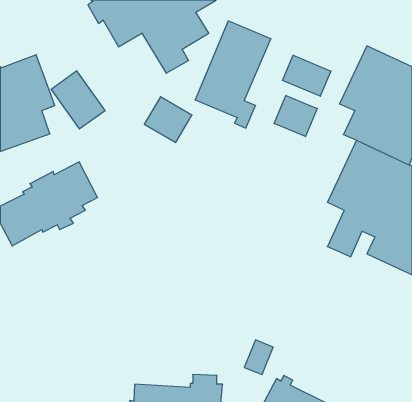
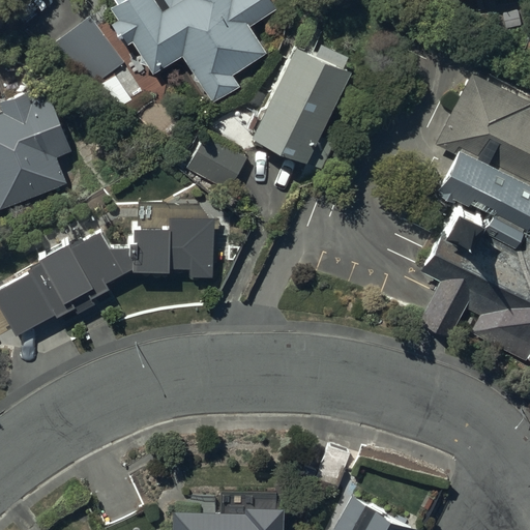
building: [283,55,331,96] -> none
building: [51,71,105,129] -> [55,21,124,95]
building: [274,95,317,137] -> none
building: none -> [128,219,213,284]

